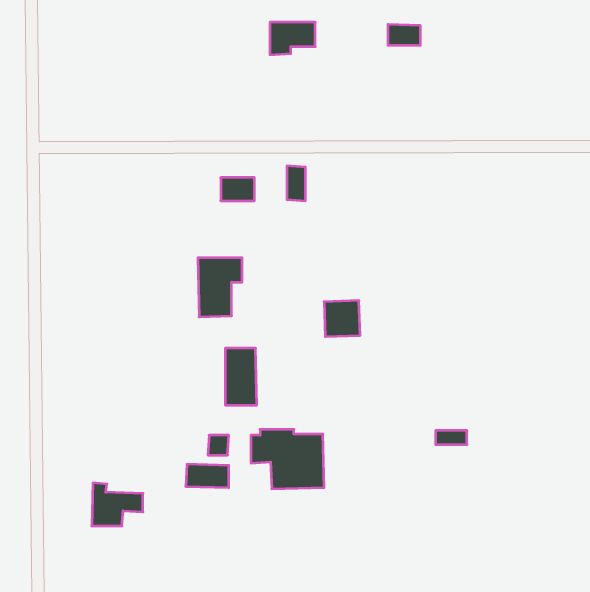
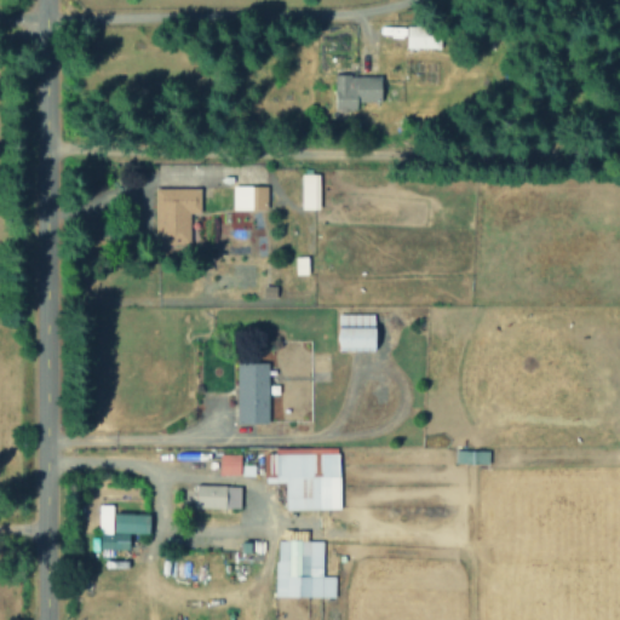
building: [270,22,315,55] -> [337,76,384,110]
building: [198,258,242,317] -> [156,189,202,251]
building: none -> [276,541,337,598]

